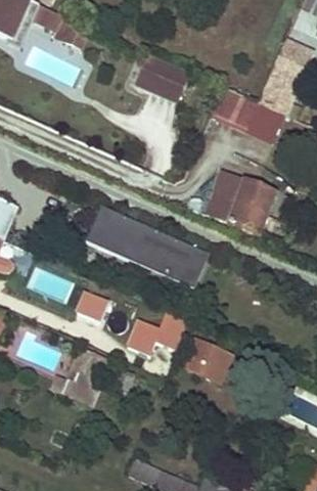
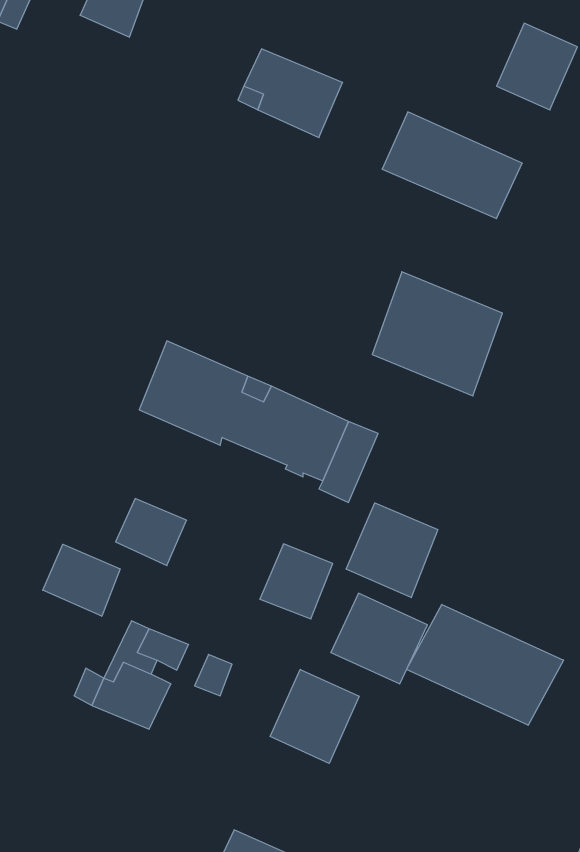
building: none -> [346,503,438,598]
building: none -> [43,544,120,616]
building: none -> [407,604,564,725]
building: none -> [270,669,359,763]

